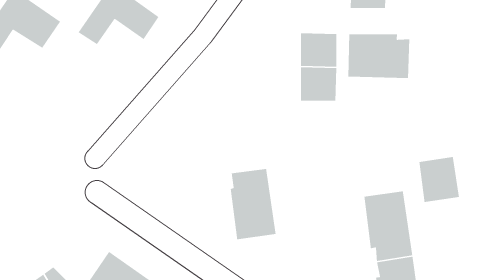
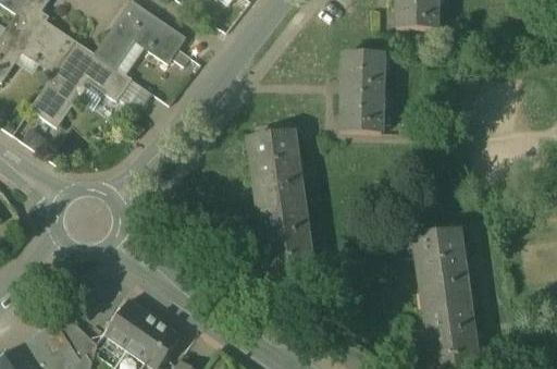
building: none -> [30,42,132,127]
building: [347,34,410,79] -> none
building: none -> [250,131,306,211]
building: [419,156,460,203] -> none

